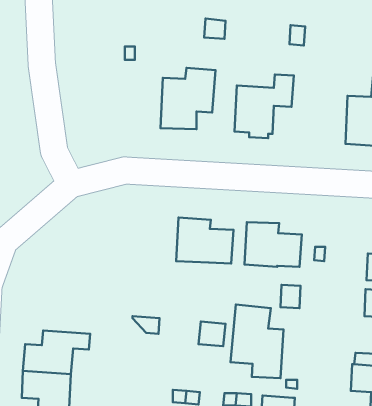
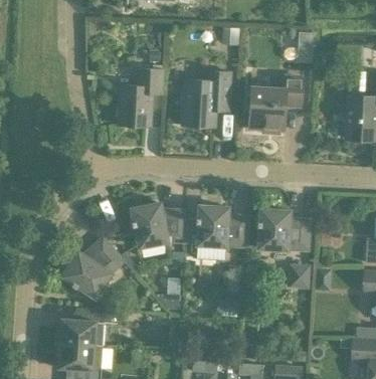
building: none -> [116,67,164,127]
building: none -> [131,203,186,246]
building: none -> [60,238,123,297]
building: [230,305,283,378] -> none

